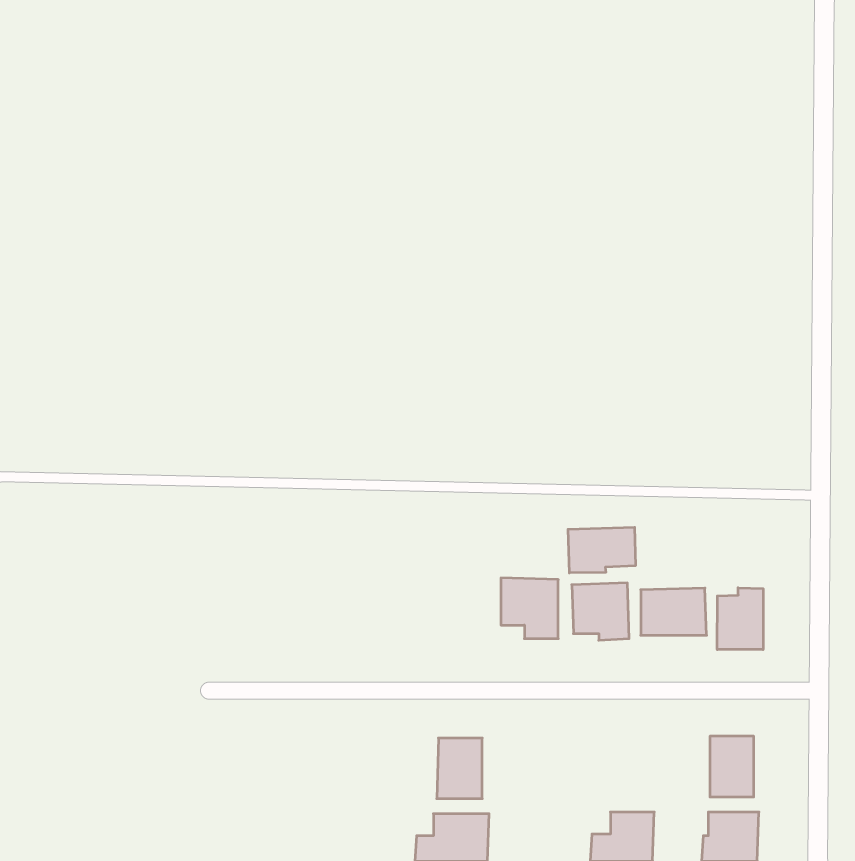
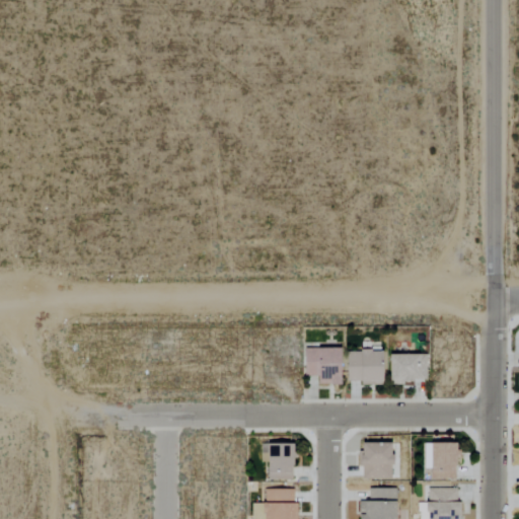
building: [568,527,635,573] -> none
building: [717,588,763,650] -> none
building: none -> [362,443,393,480]

